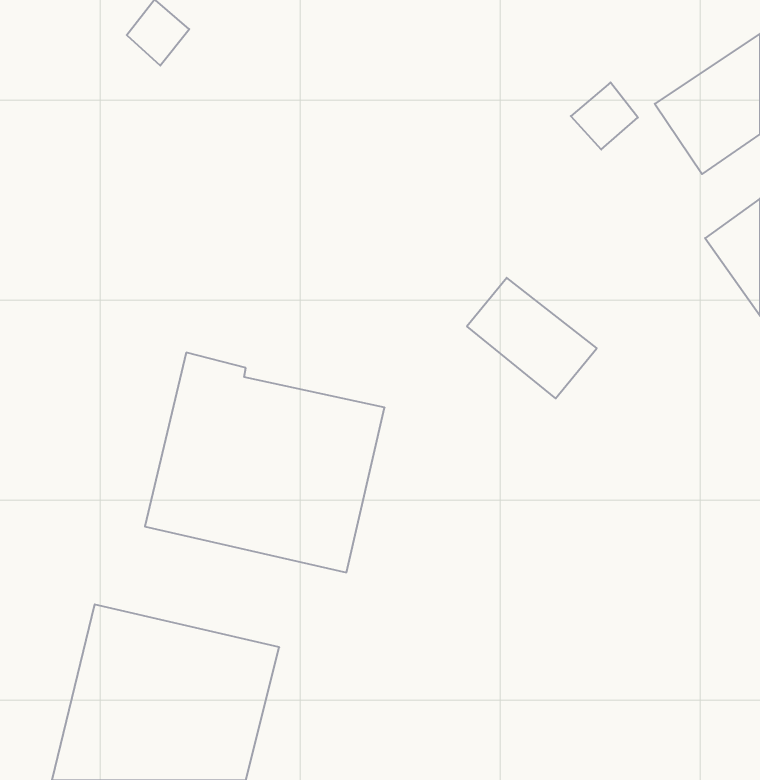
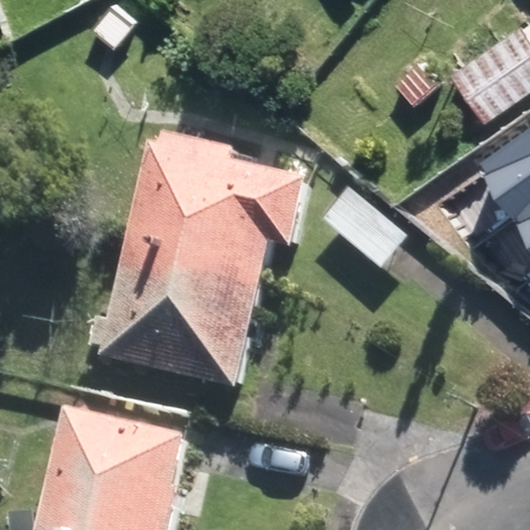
building: none -> [126,129,310,276]

